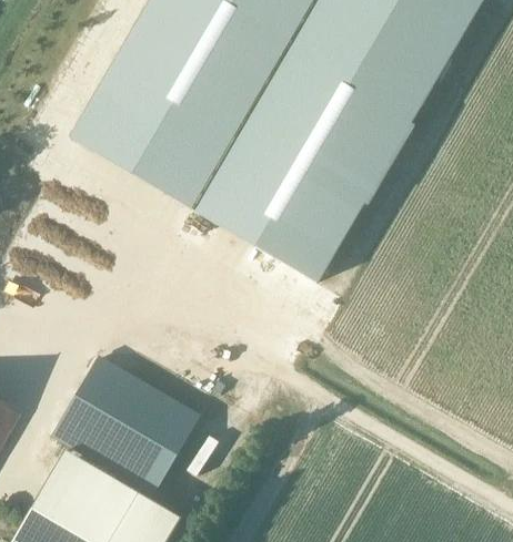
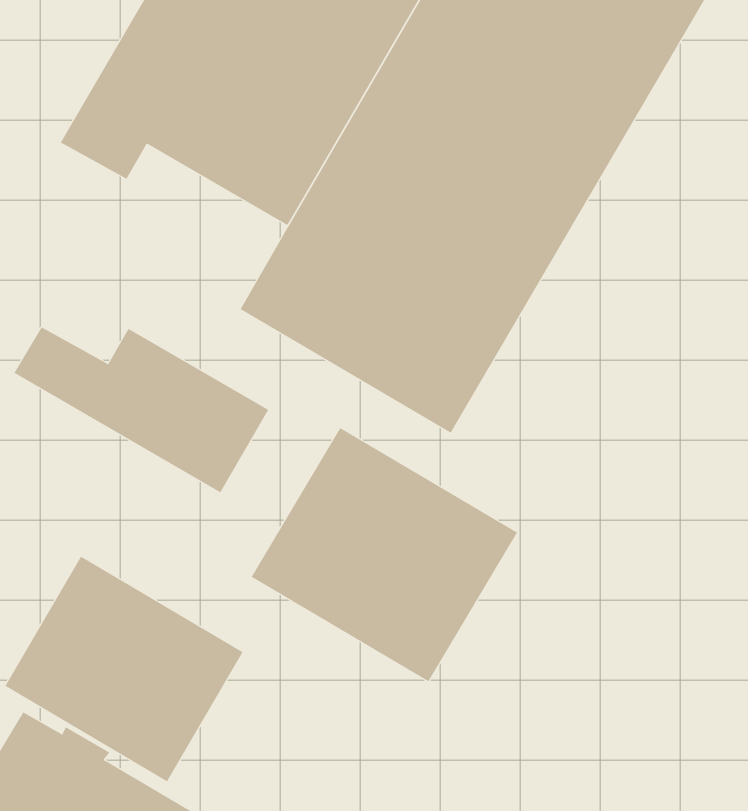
building: [69,110,222,209] -> [13,326,269,493]
building: none -> [251,427,518,682]

